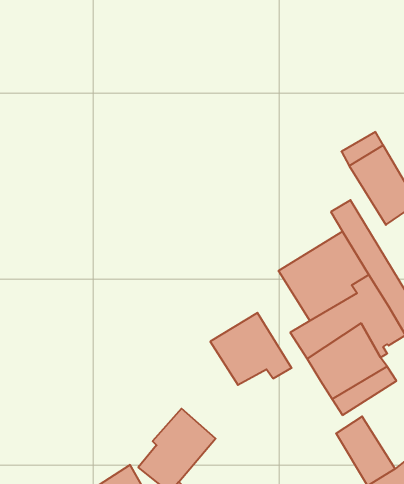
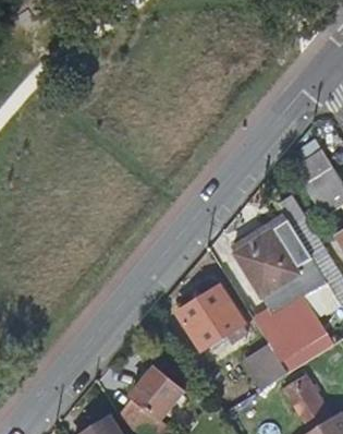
building: none -> [243,345,287,390]

